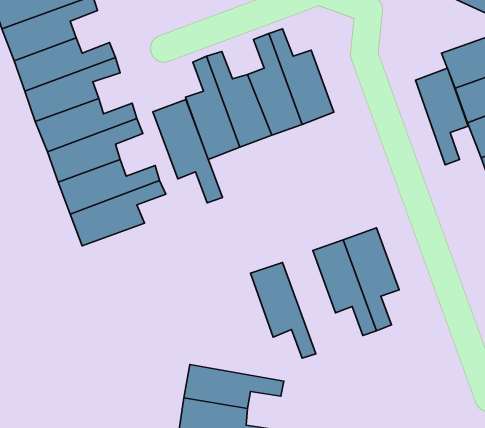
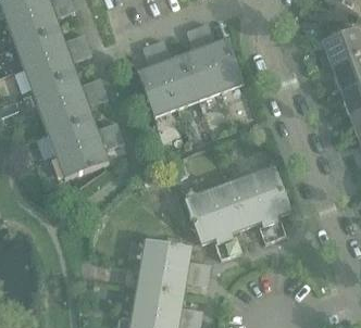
building: [415,68,468,165] -> none
building: [153,100,222,203] -> none
building: none -> [208,180,246,254]
building: none -> [141,238,210,274]

